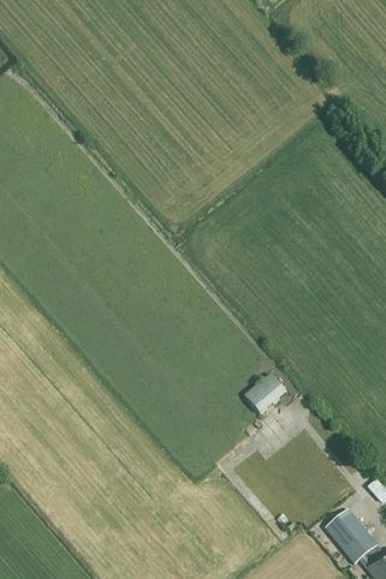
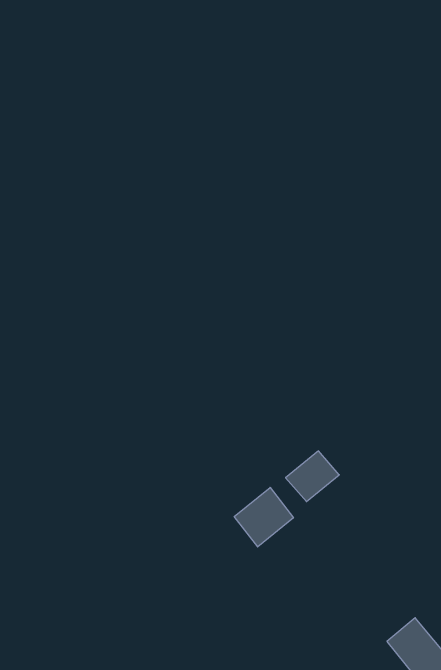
building: none -> [234,487,293,547]

